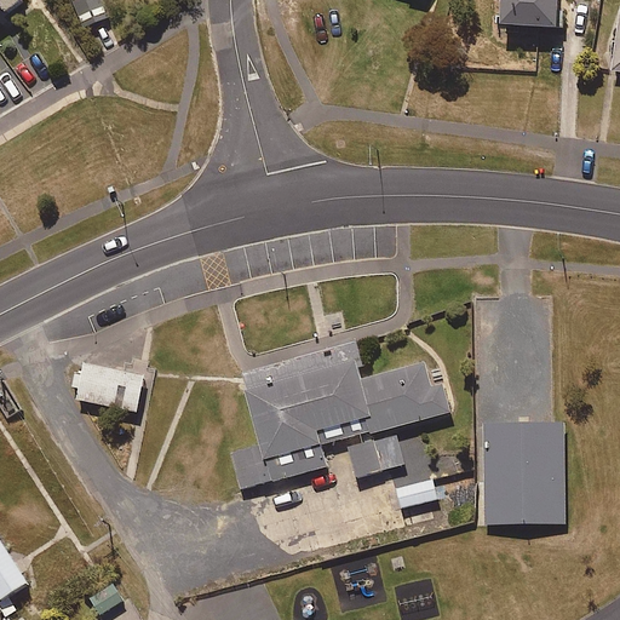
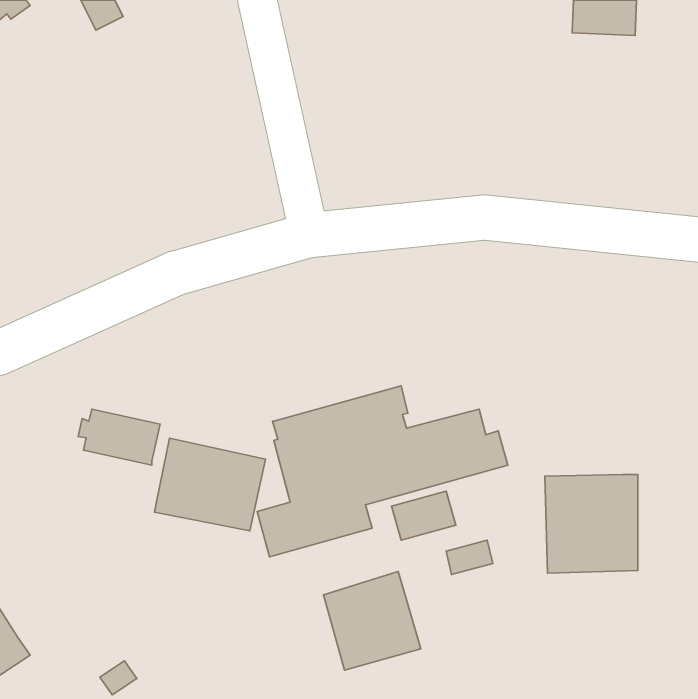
building: none -> [155,438,266,531]
building: none -> [324,572,421,670]

